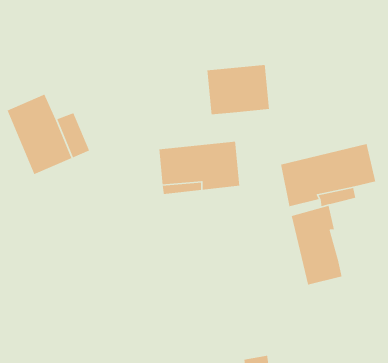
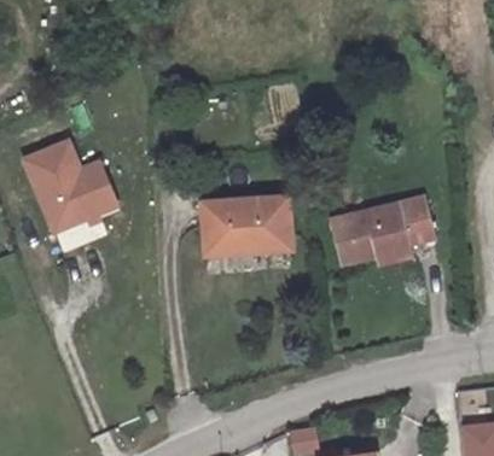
building: [206,64,270,115] -> none
building: [291,205,343,286] -> none

